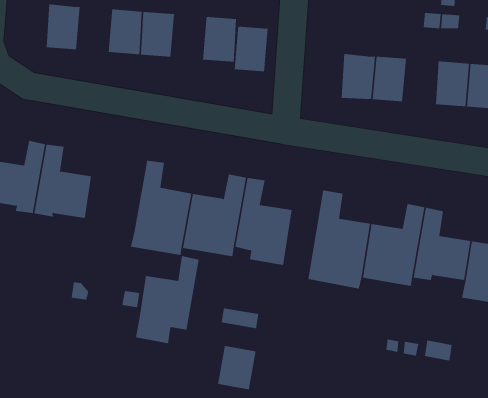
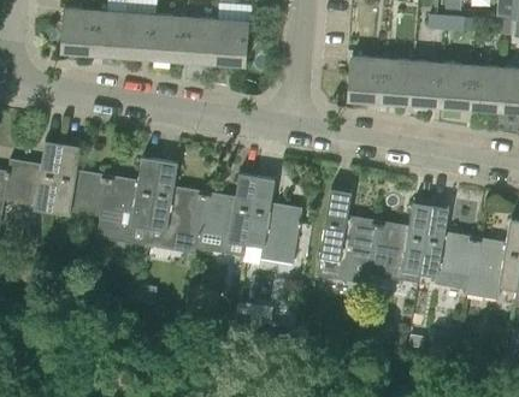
building: none -> [93,10,126,54]
building: [234,26,268,72] -> [184,17,218,61]
building: none -> [409,60,443,105]
building: [135,256,200,344] -> [98,155,160,241]
building: [218,345,256,390] -> none

